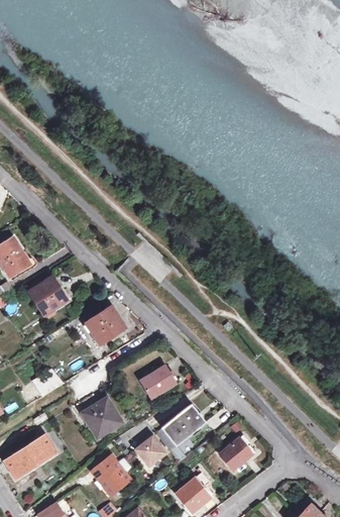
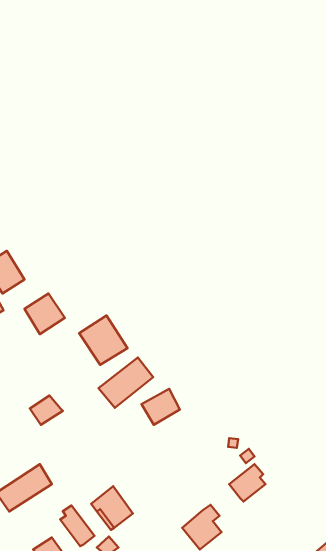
building: [82,399,122,438] -> none
building: [155,405,206,451] -> [98,358,153,408]
building: [130,433,165,469] -> none
building: none -> [60,506,94,546]

